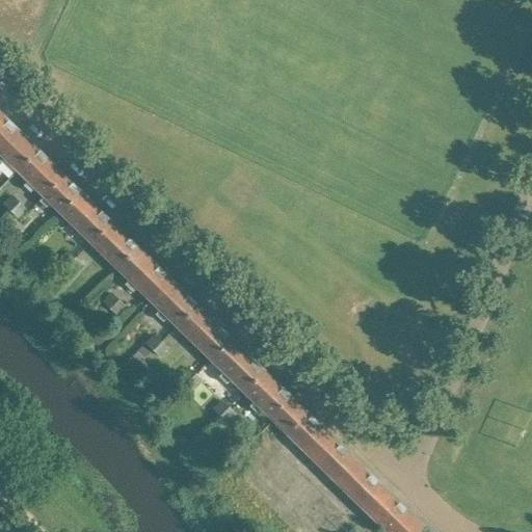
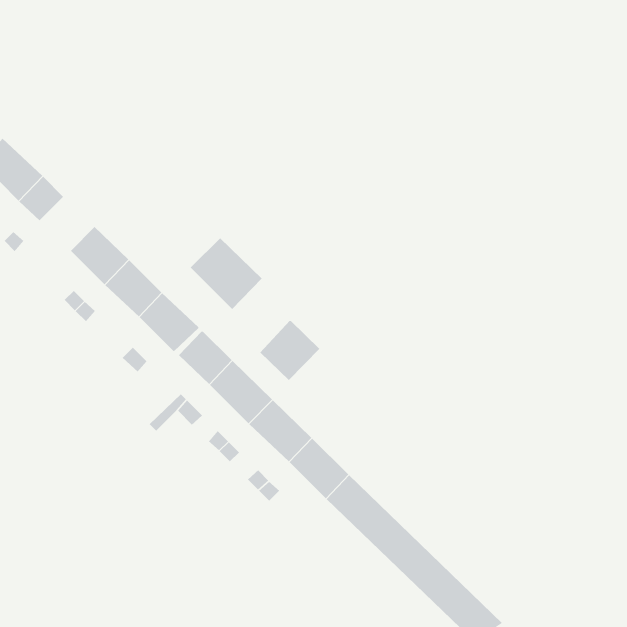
building: [33,167,80,213] -> none
building: none -> [190,238,263,310]
building: none -> [260,320,320,381]

